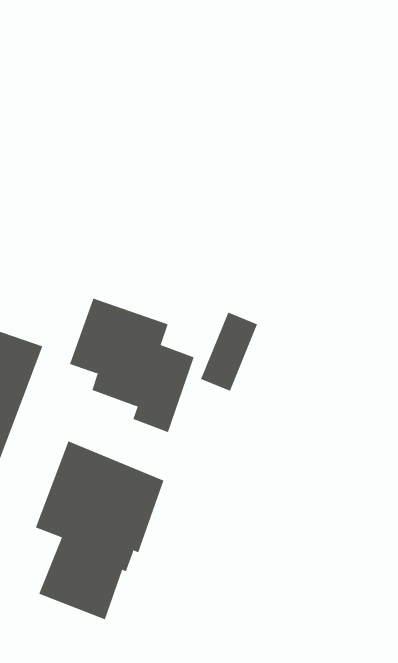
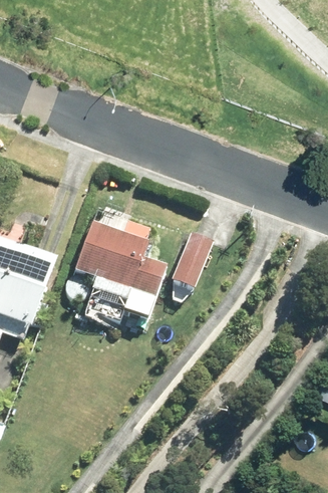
building: [35,441,164,620] -> none

